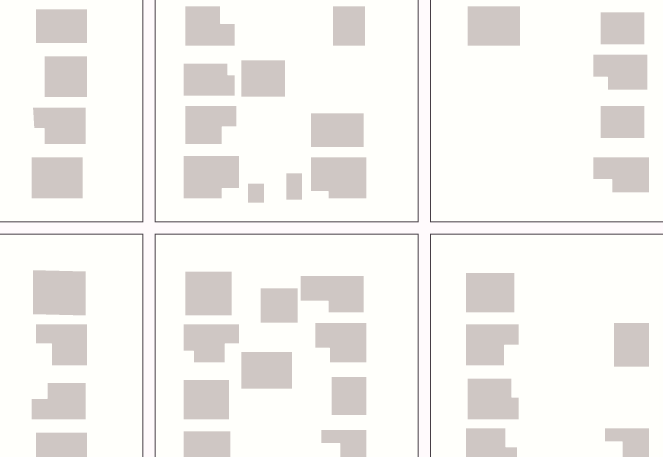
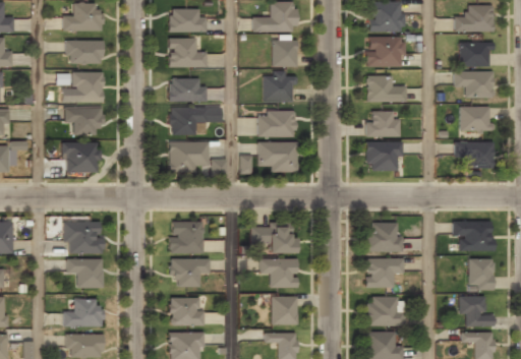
building: [241,59,286,98] -> [263,75,294,102]
building: none -> [366,77,405,102]
building: none -> [367,112,398,136]
building: none -> [365,142,399,172]
building: none -> [452,221,494,250]
building: [260,287,298,323] -> none
building: [241,351,293,389] -> none
building: none -> [458,297,494,326]

